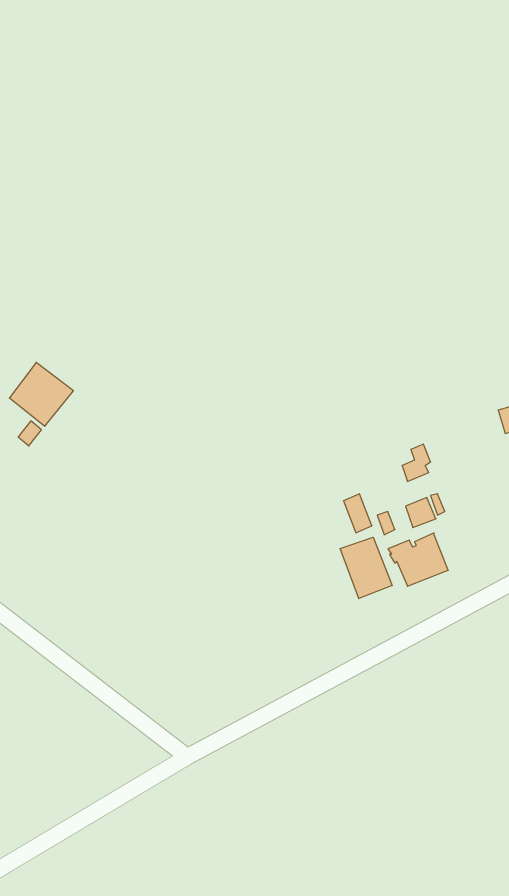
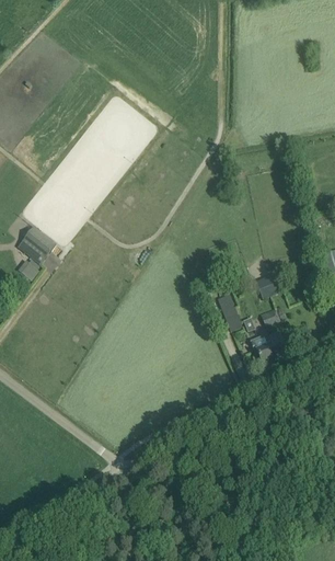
building: [340,537,392,599] -> none

